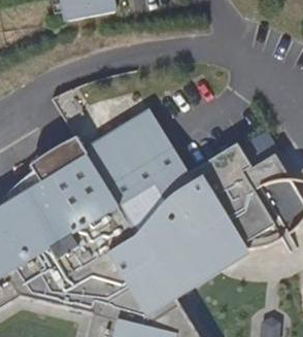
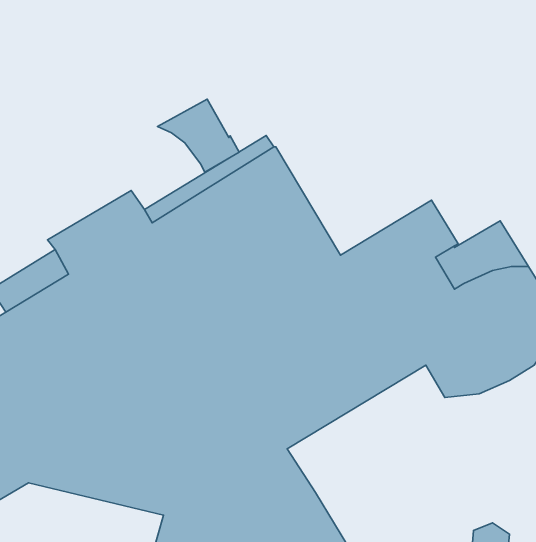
building: none -> [157,99,239,172]
building: [160,230,249,299] -> none

